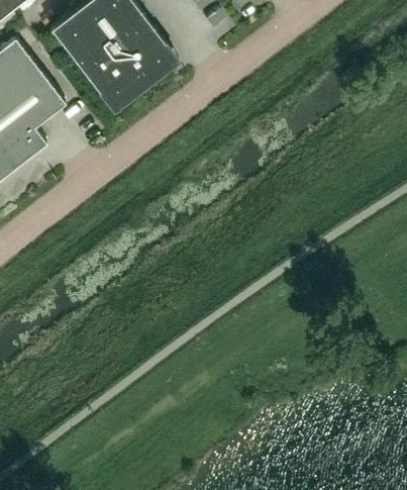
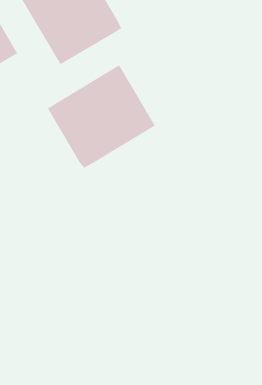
building: none -> [47,64,156,169]

